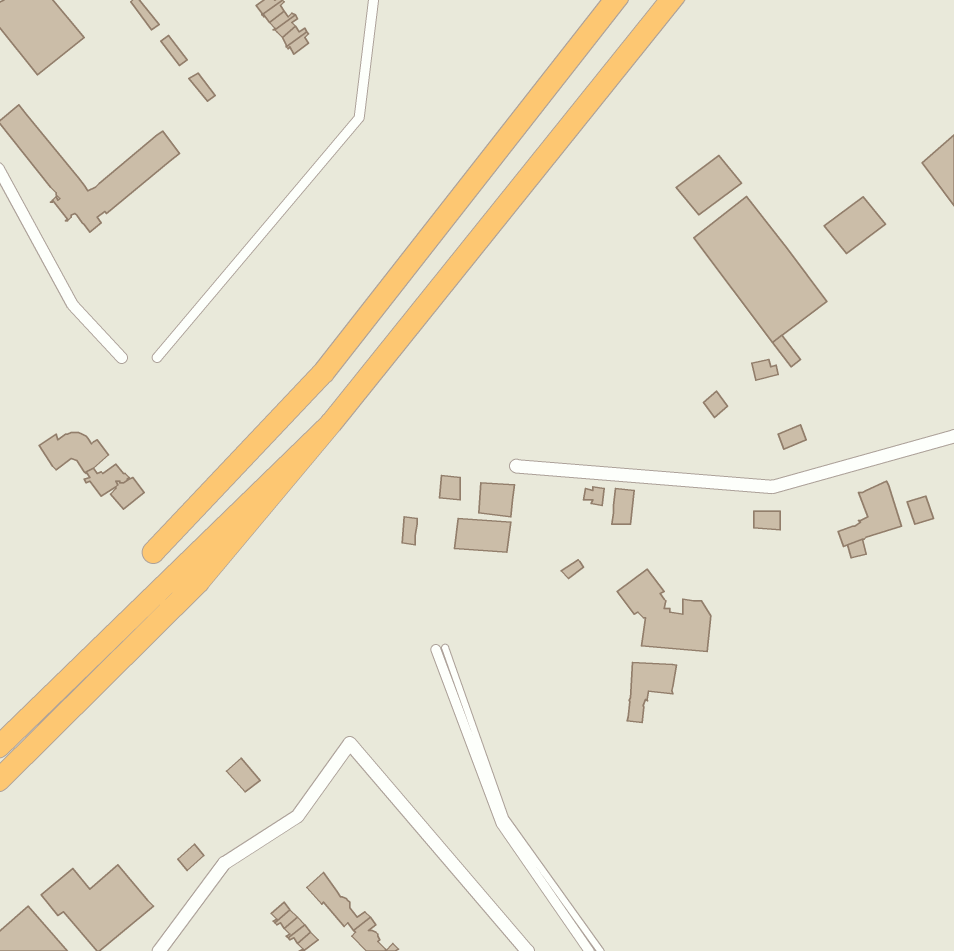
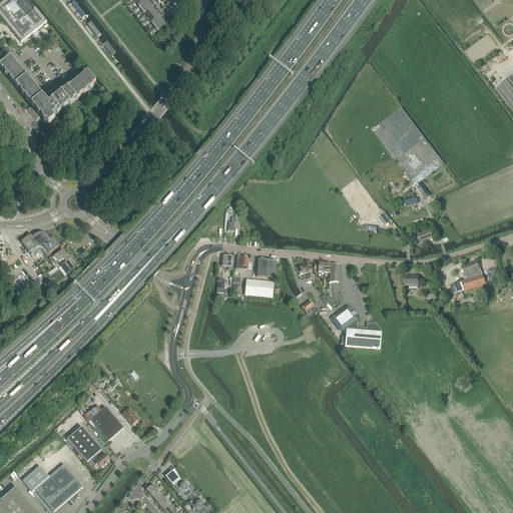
building: [676,156,741,215] -> none
building: [824,197,886,253] -> none
building: [627,662,676,722] -> none
building: none -> [89,405,123,440]
building: none -> [66,425,101,461]

